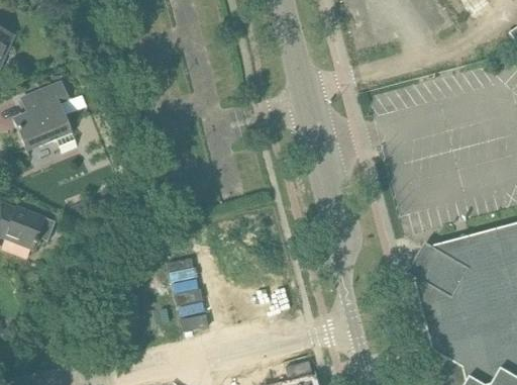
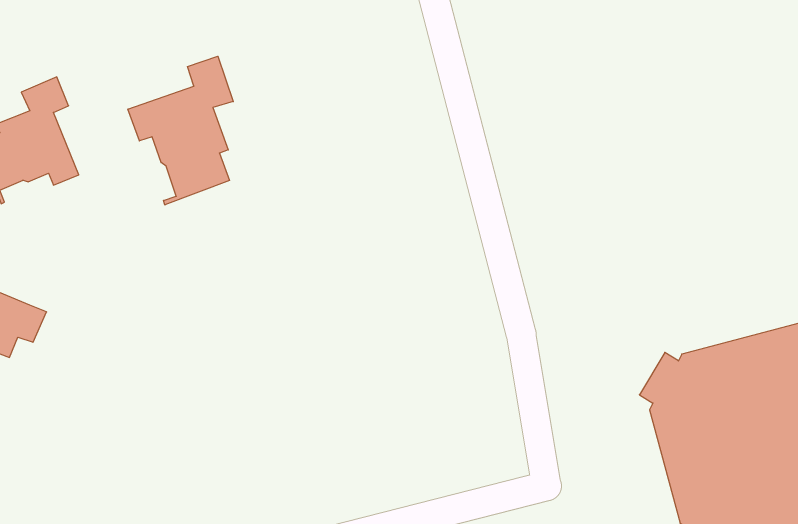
building: none -> [128,56,233,205]

